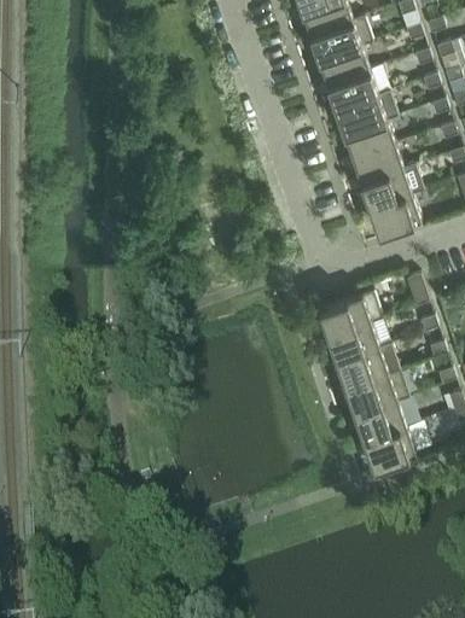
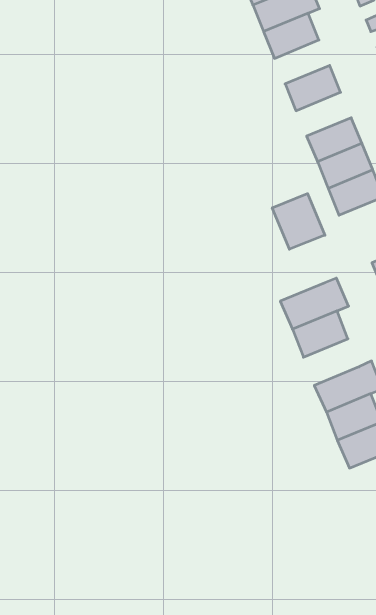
building: [327,70,378,109] -> none
building: [344,119,395,158] -> none
building: none -> [272,194,325,249]
building: [337,348,388,389] -> none

